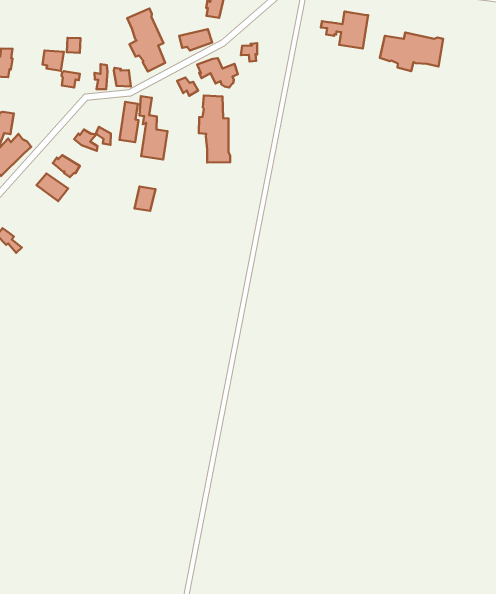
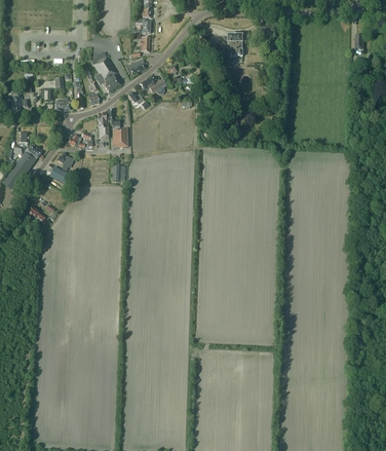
building: [380,32,443,71] -> none
building: [199,95,230,163] -> none

